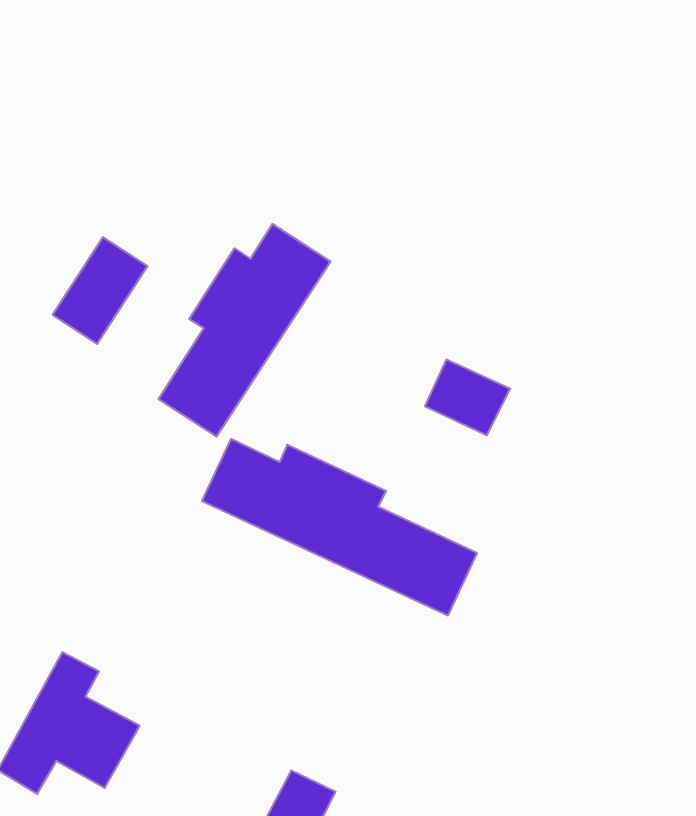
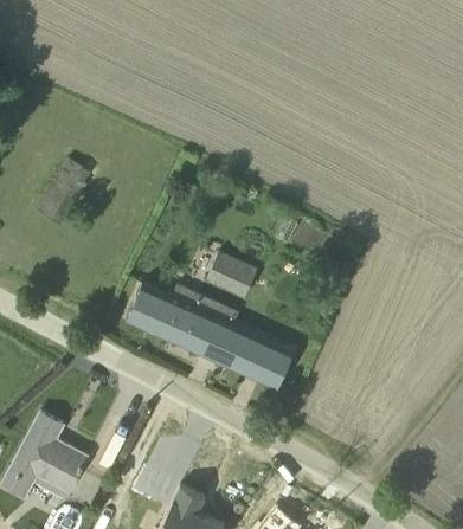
building: [159,224,330,437] -> none
building: [425,360,510,435] -> [206,252,258,298]

